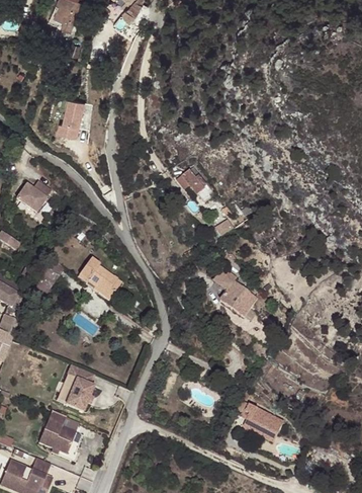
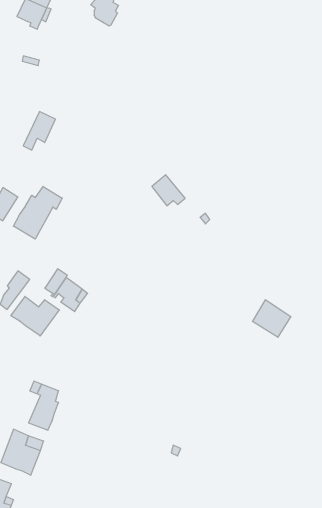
building: none -> [13,186,62,239]
building: [219,279,256,315] -> [252,300,291,337]
building: none -> [11,296,59,336]
building: [237,406,278,441] -> none

